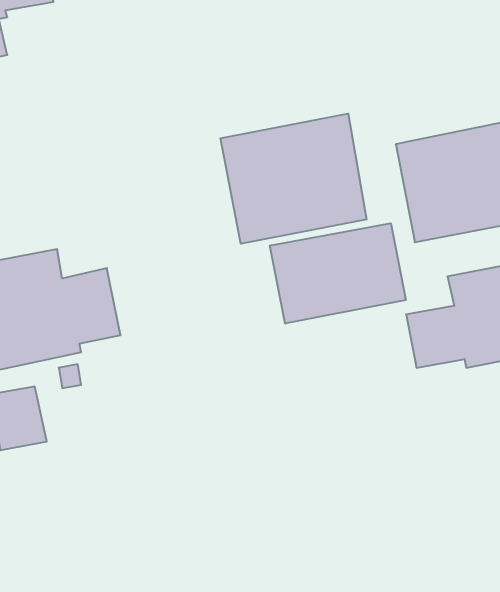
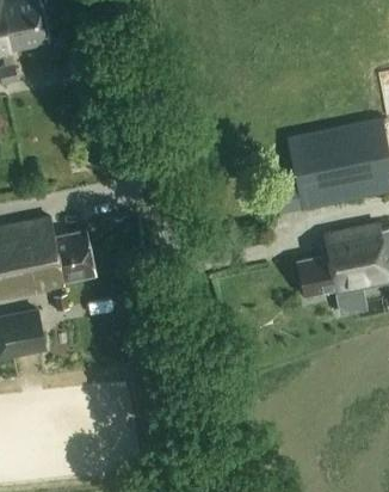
building: [220,114,366,244] -> none
building: [270,223,406,324] -> none

